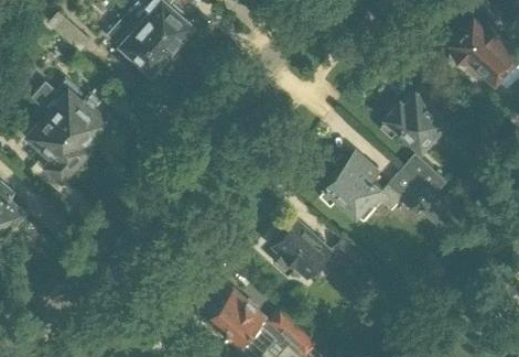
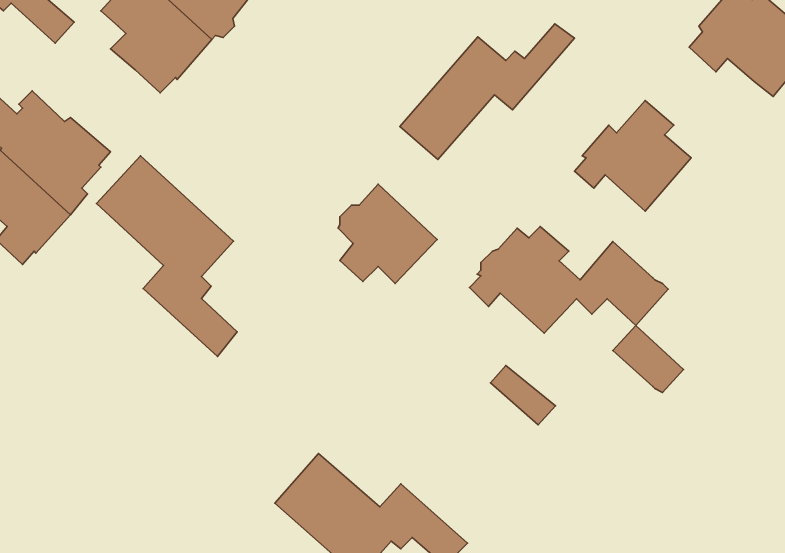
building: none -> [400,24,575,159]
building: none -> [96,156,237,356]
building: [402,152,443,191] -> [613,326,683,392]
building: [271,217,328,274] -> [338,184,437,284]

